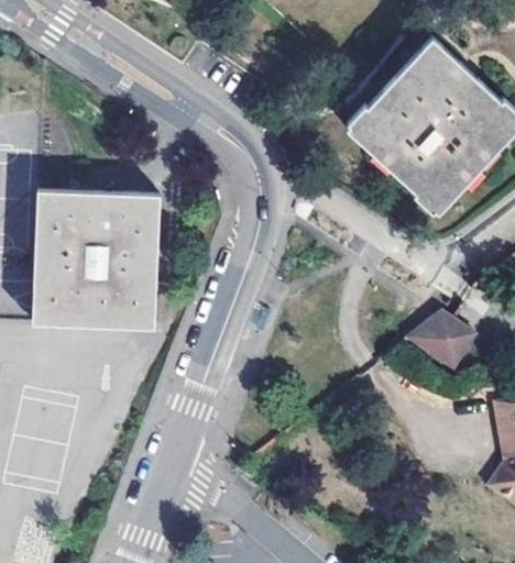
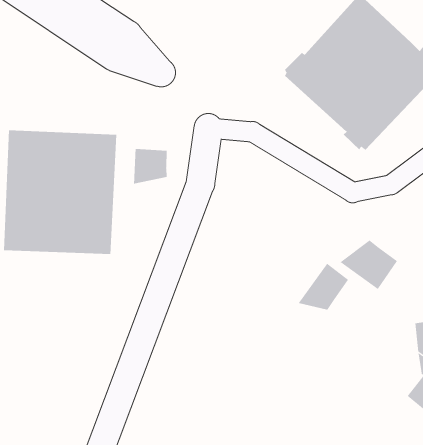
building: none -> [134,148,167,185]
building: none -> [298,263,349,311]

